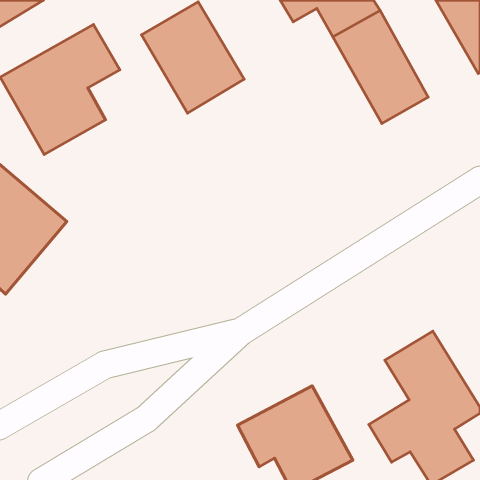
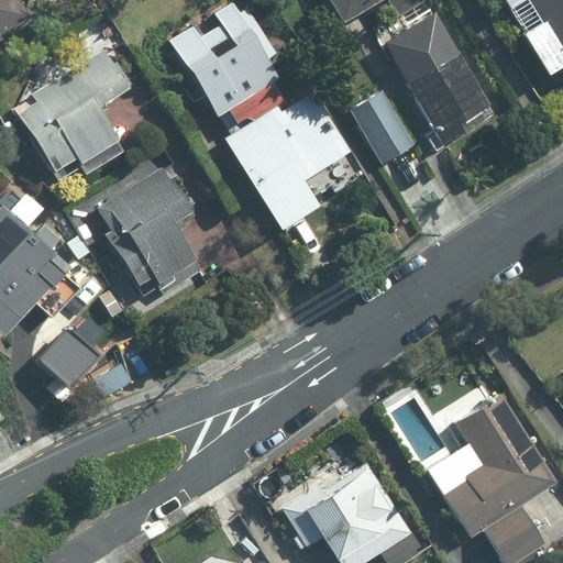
building: none -> [341,76,413,166]
building: none -> [219,80,368,234]
building: none -> [87,158,205,299]
building: none -> [33,328,97,391]

